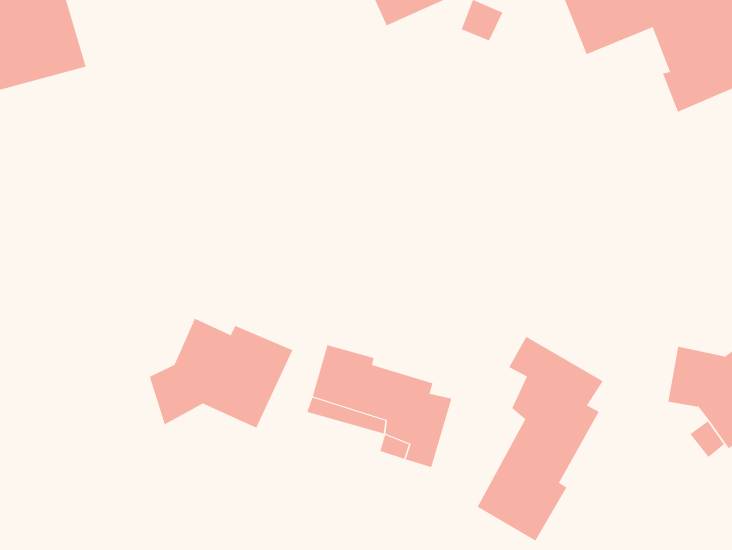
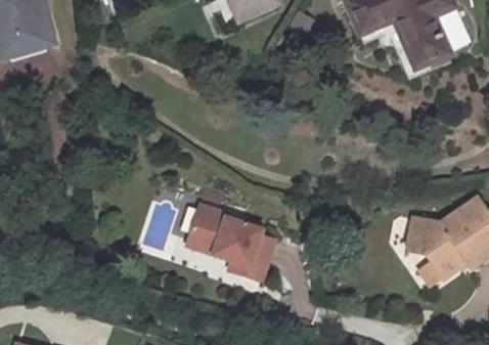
building: [149,318,293,428] -> none
building: [477,336,604,541] -> none

